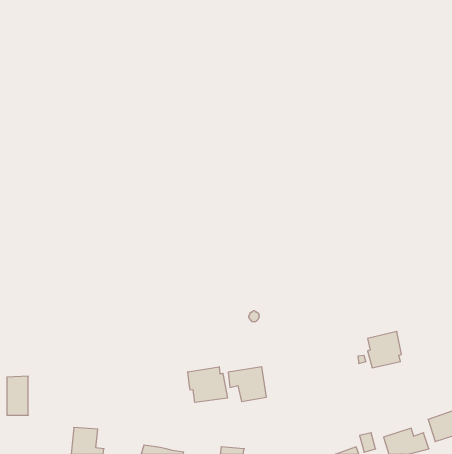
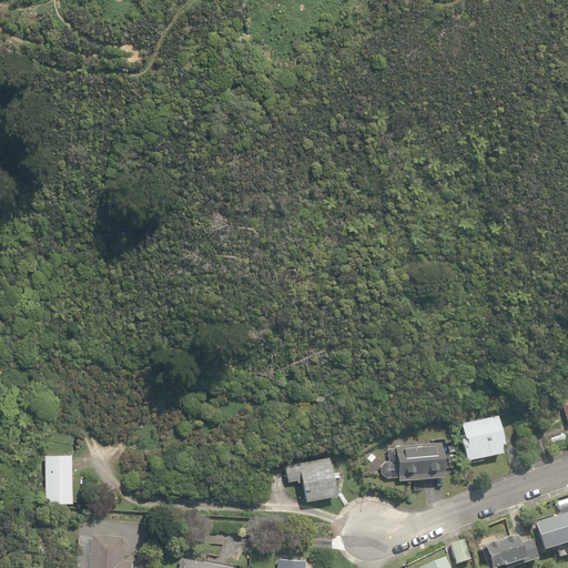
building: none -> [382,442,445,479]
building: [188,367,227,402] -> none
building: [7,376,28,415] -> [47,455,73,504]

